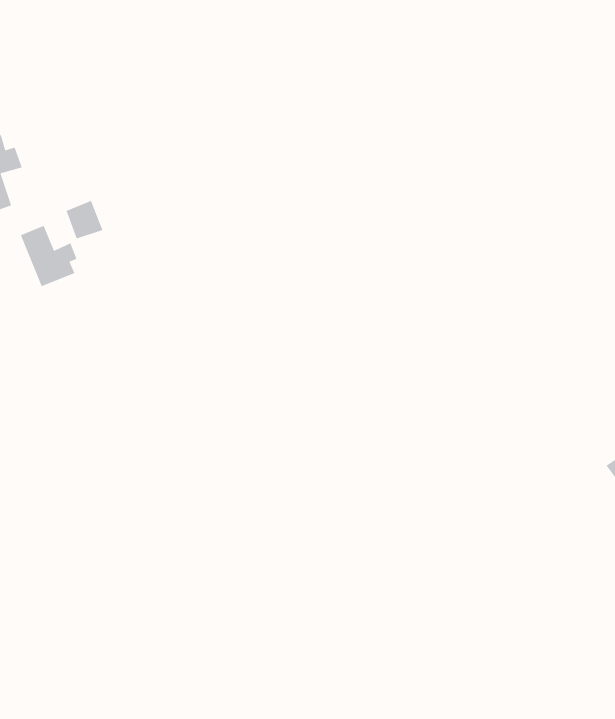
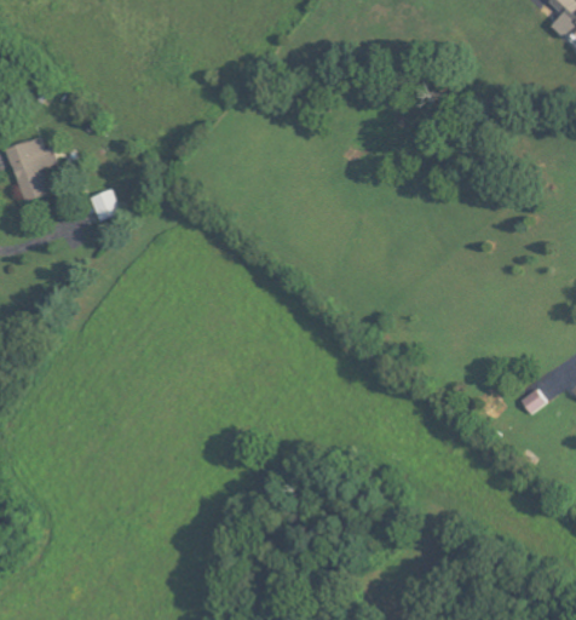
building: [20,225,78,287] -> none

